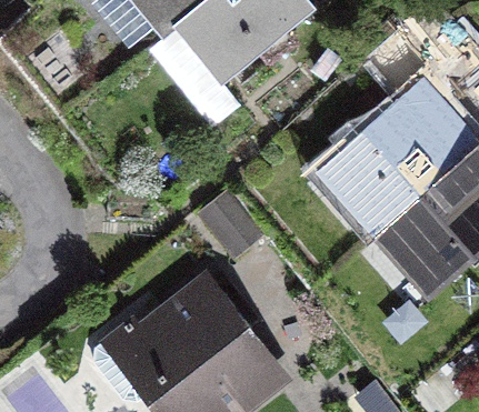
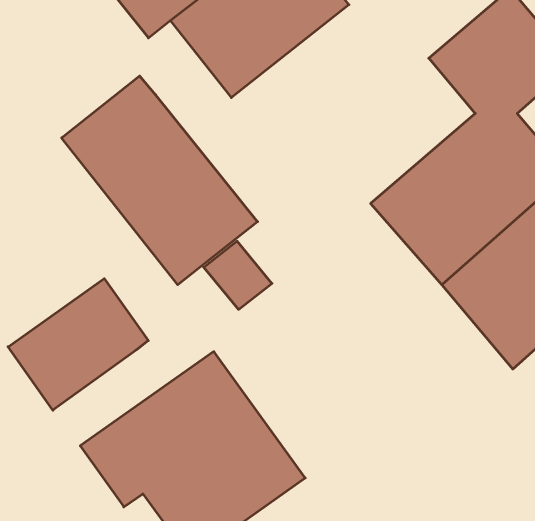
building: none -> [62,76,258,285]
building: none -> [8,279,148,410]

